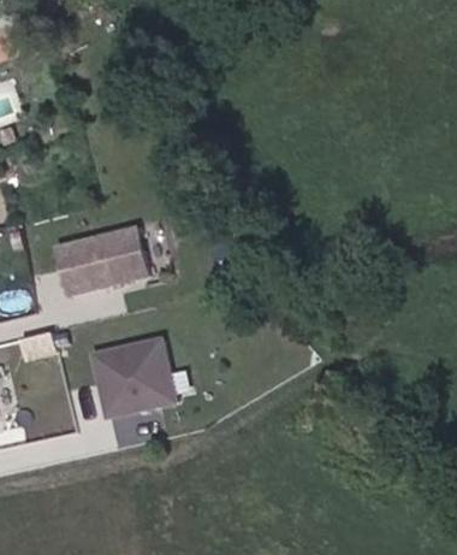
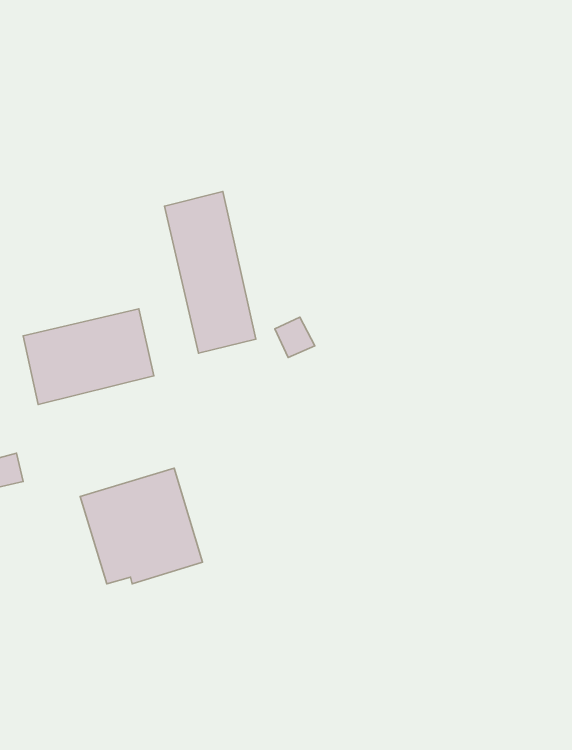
building: none -> [165,192,256,353]

